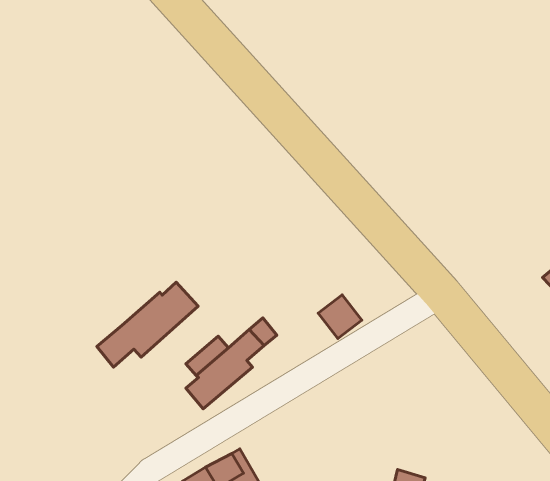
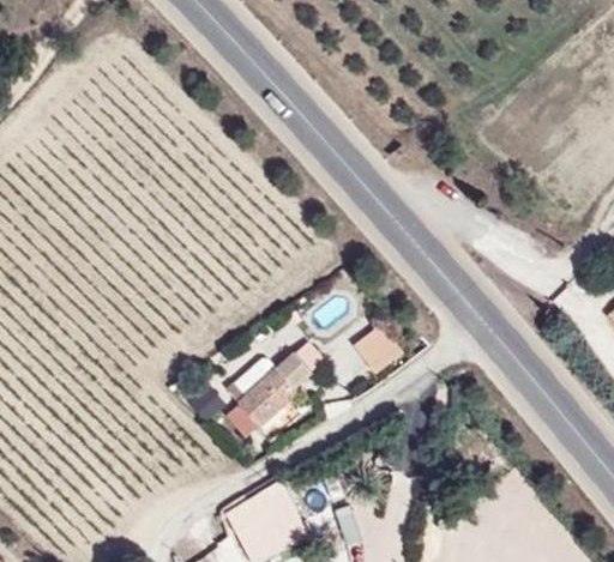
building: [97,282,198,367] -> none

